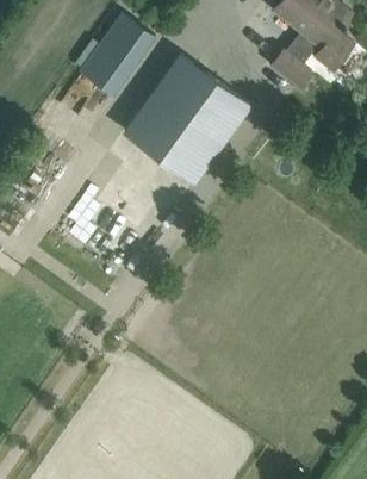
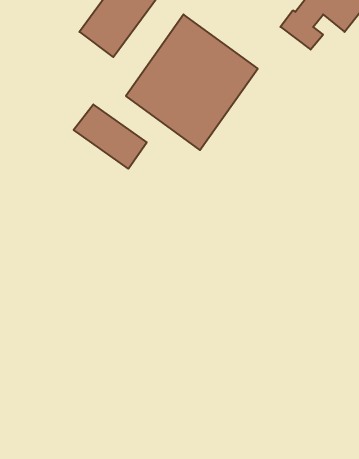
building: none -> [74,104,147,169]

